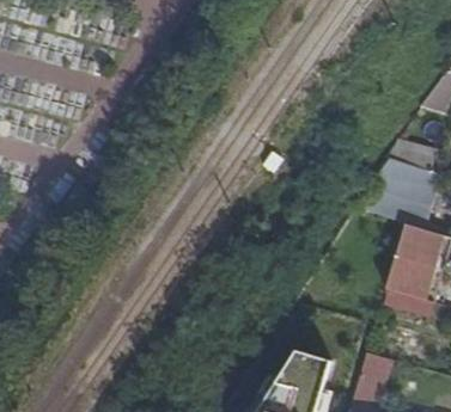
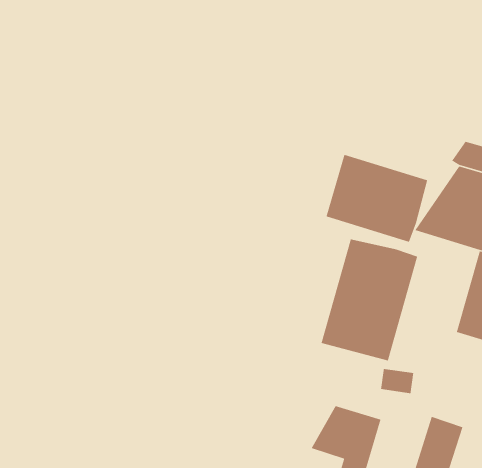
building: none -> [325,154,428,243]
building: none -> [320,238,418,361]

